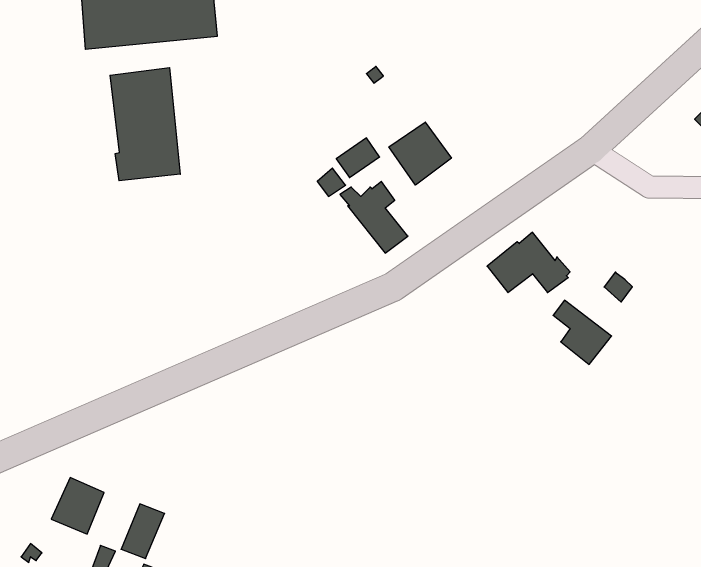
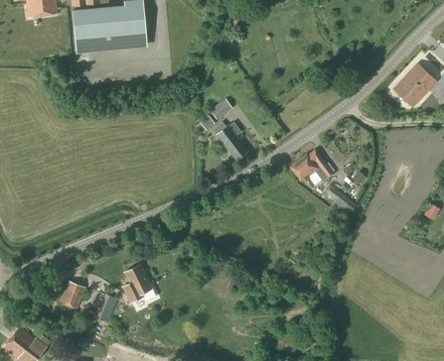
building: [110,68,180,181] -> none
building: [389,122,451,185] -> none
building: none -> [122,265,152,304]

